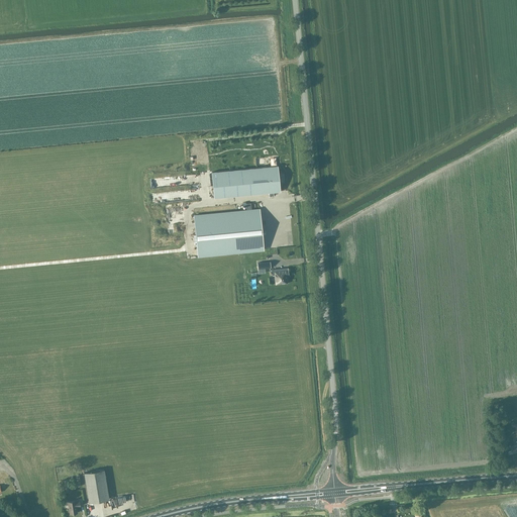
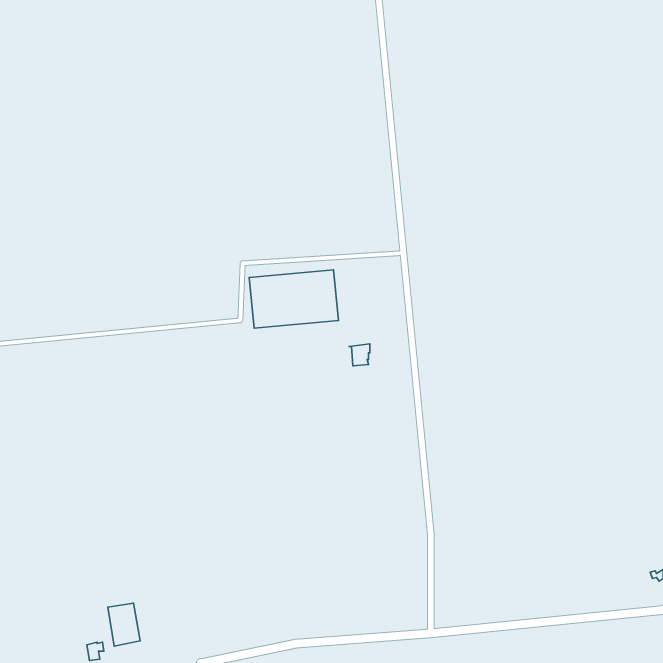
building: [212,166,280,198] -> none

